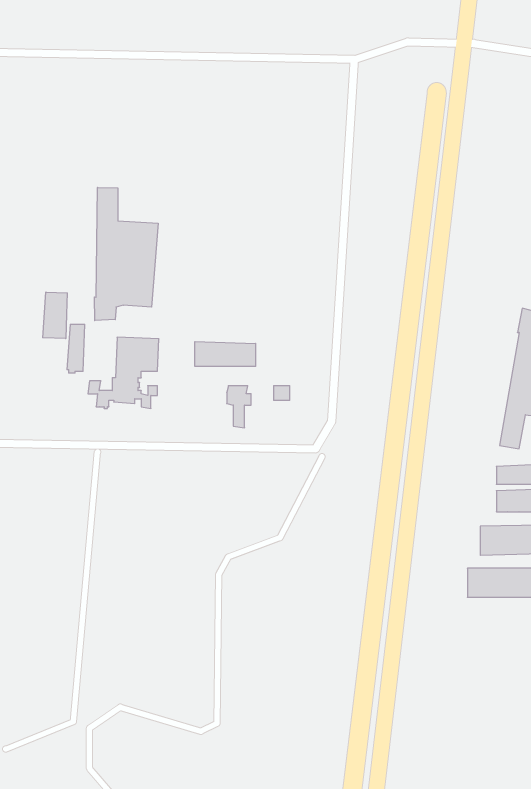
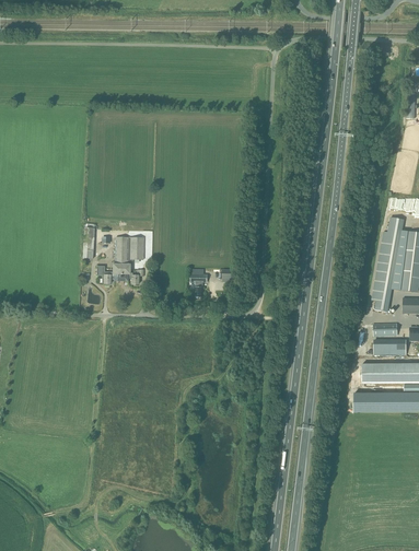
building: [94,187,158,321] -> none
building: [43,292,67,339] -> none
building: [195,342,256,366] -> none

